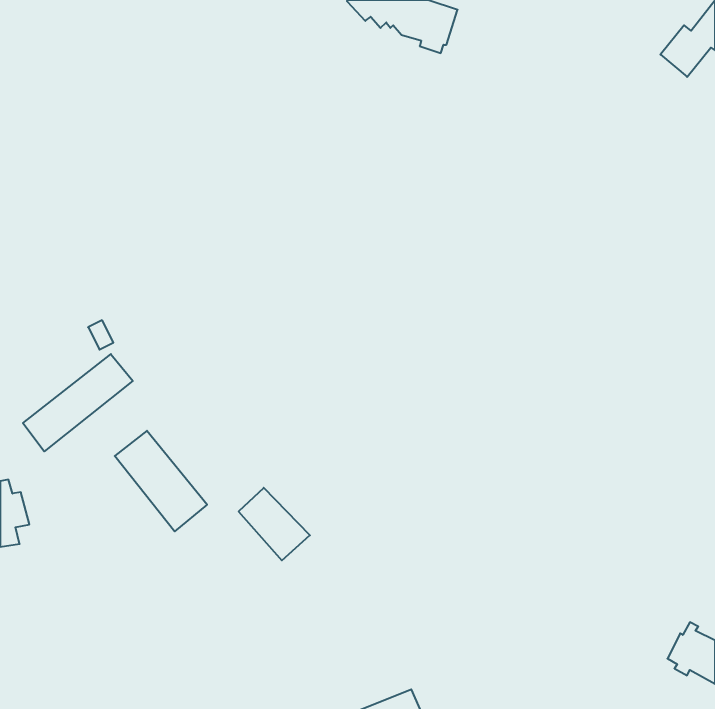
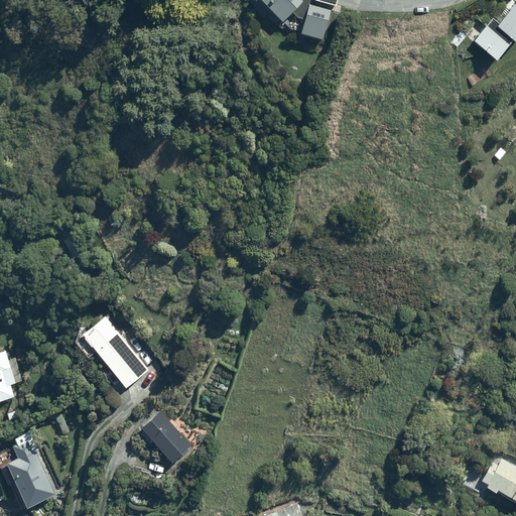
building: [23,354,133,451] -> none
building: [239,488,310,560] -> [141,414,192,467]
building: none -> [8,436,55,504]

